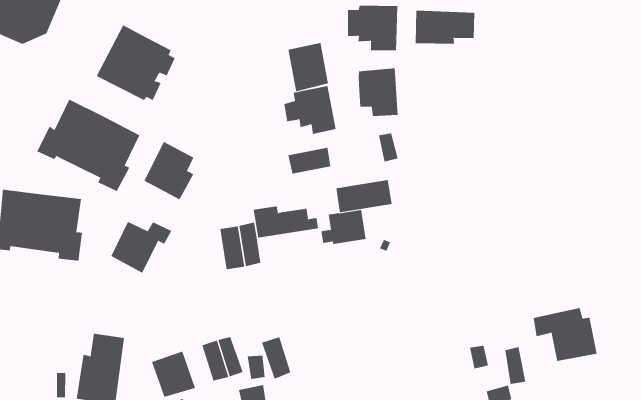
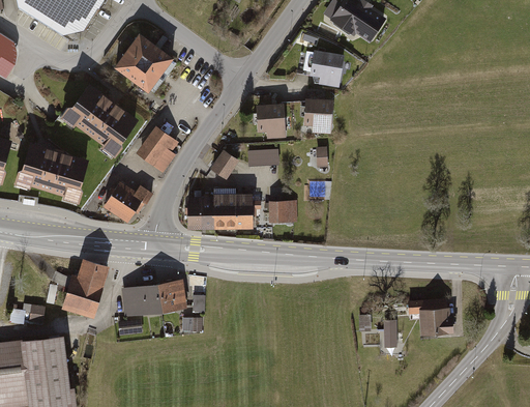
building: [415,10,475,45] -> none
building: [288,42,329,92] -> none
building: none -> [210,149,238,179]
building: [335,180,393,213] -> [213,209,254,228]
building: [261,337,291,380] -> [145,282,164,313]

